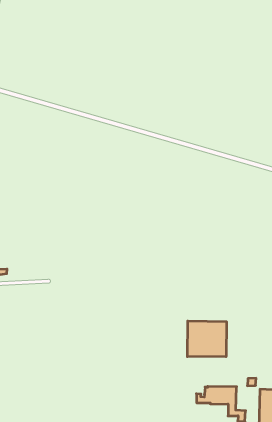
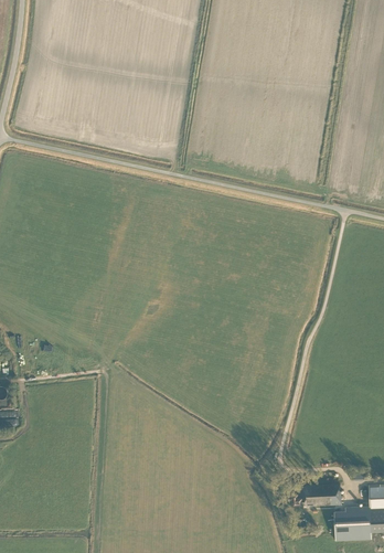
building: [187,321,226,357] -> none

